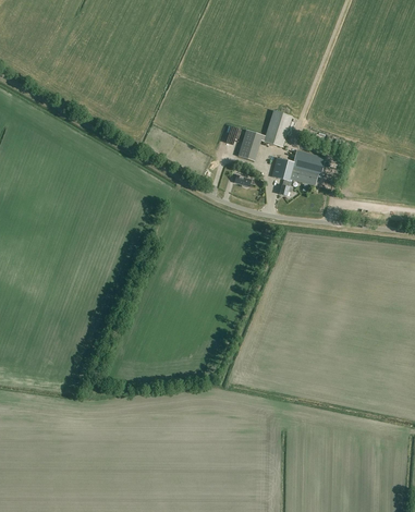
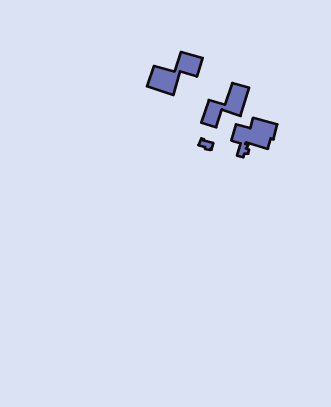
building: none -> [147,52,203,95]

